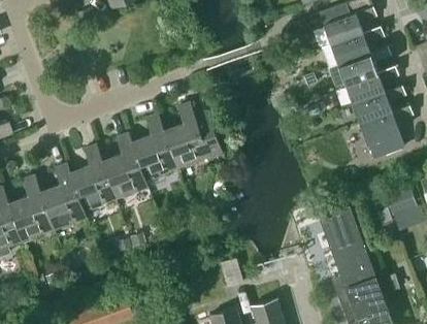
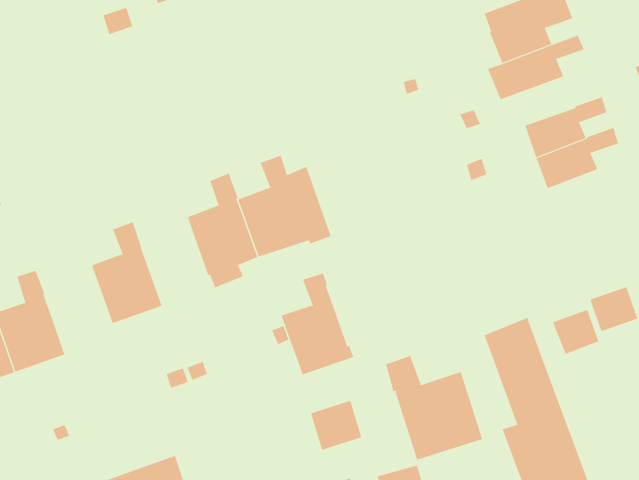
building: [330,45,391,87] -> none
building: [360,104,413,159] -> none
building: [102,133,149,198] -> [281,273,354,375]
building: [40,164,87,229] -> none
building: none -> [385,355,483,460]

